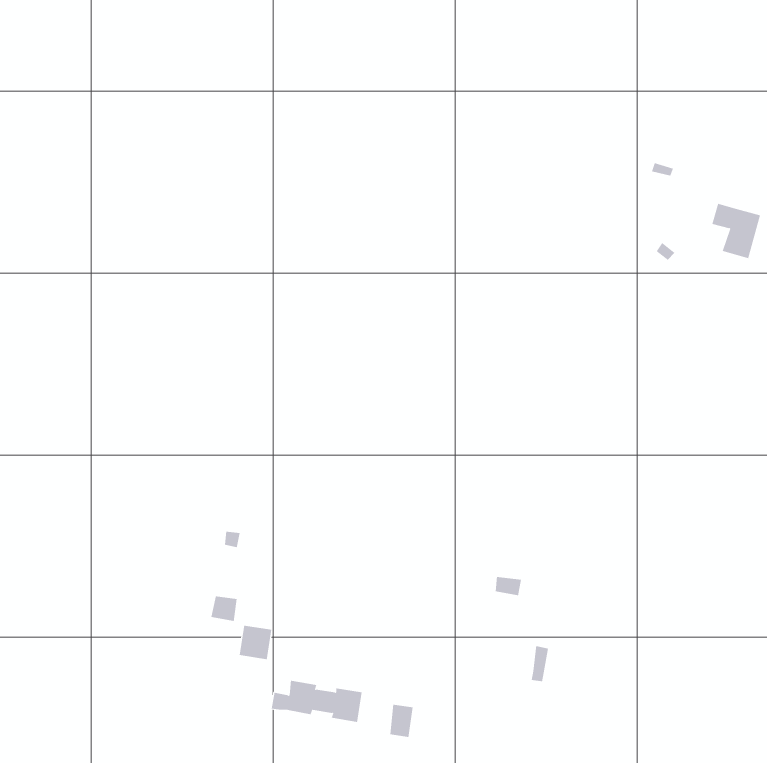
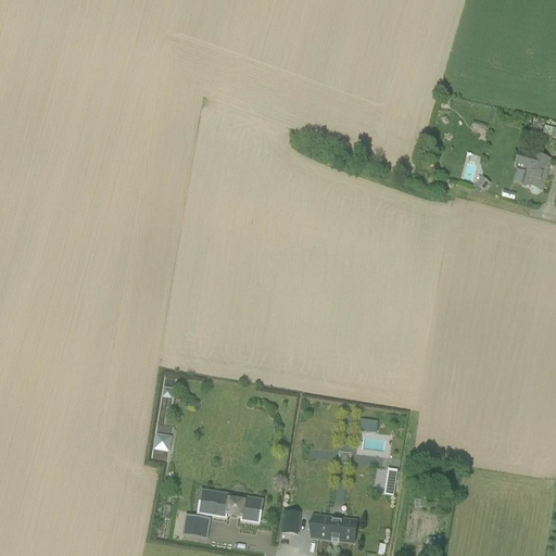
building: [239,625,272,660] -> [186,513,210,538]
building: none -> [317,515,353,539]

